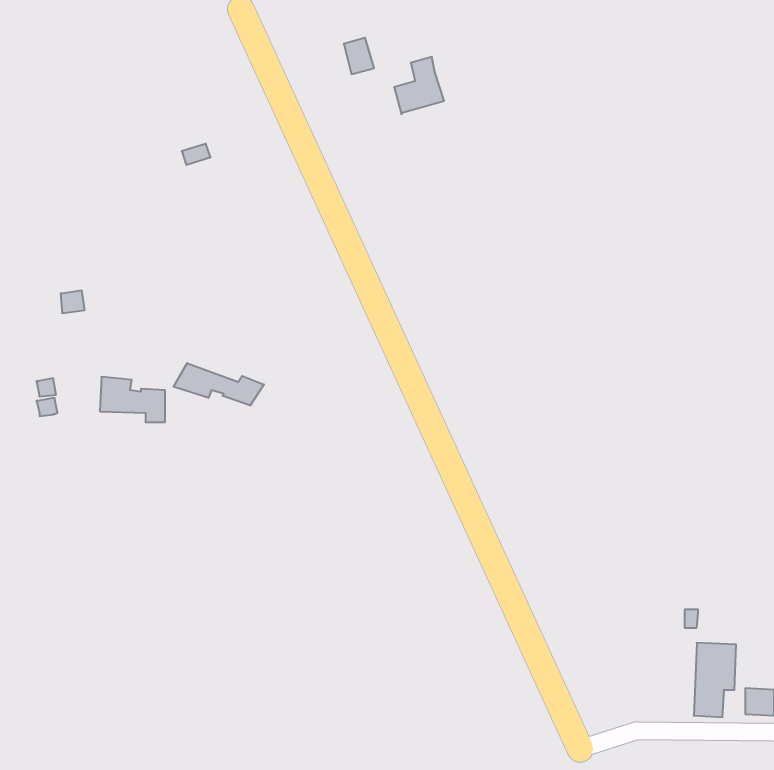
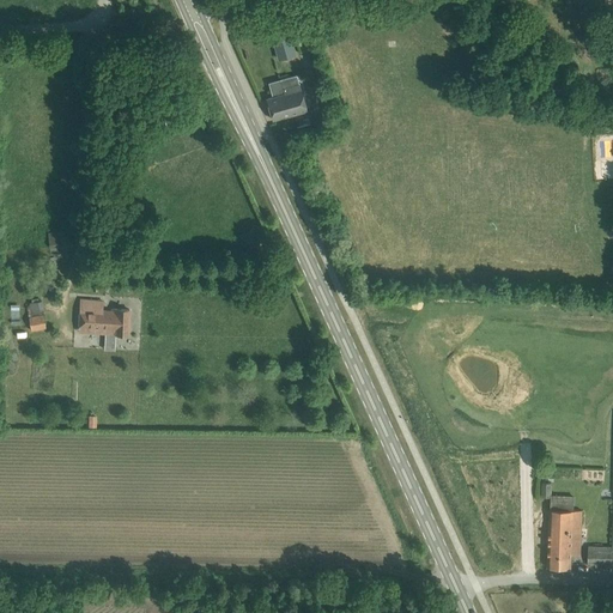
building: [394,57,444,114] -> [267,77,306,122]
building: [174,363,264,406] -> none

